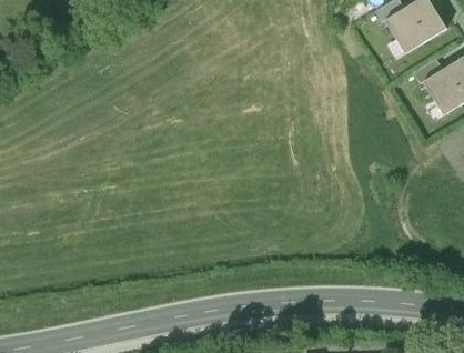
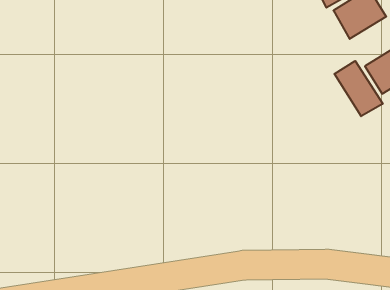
building: none -> [334,61,383,116]

